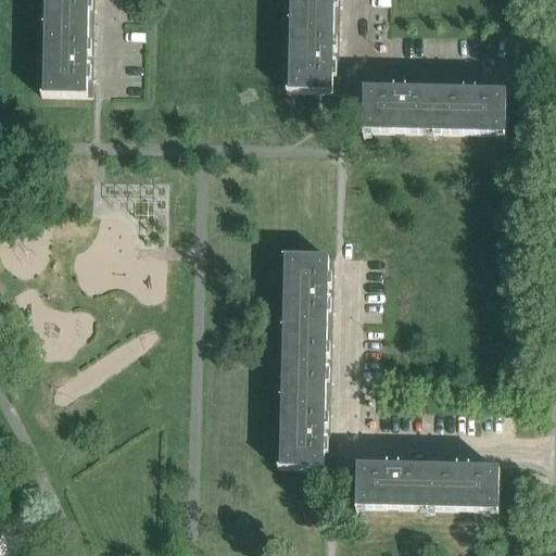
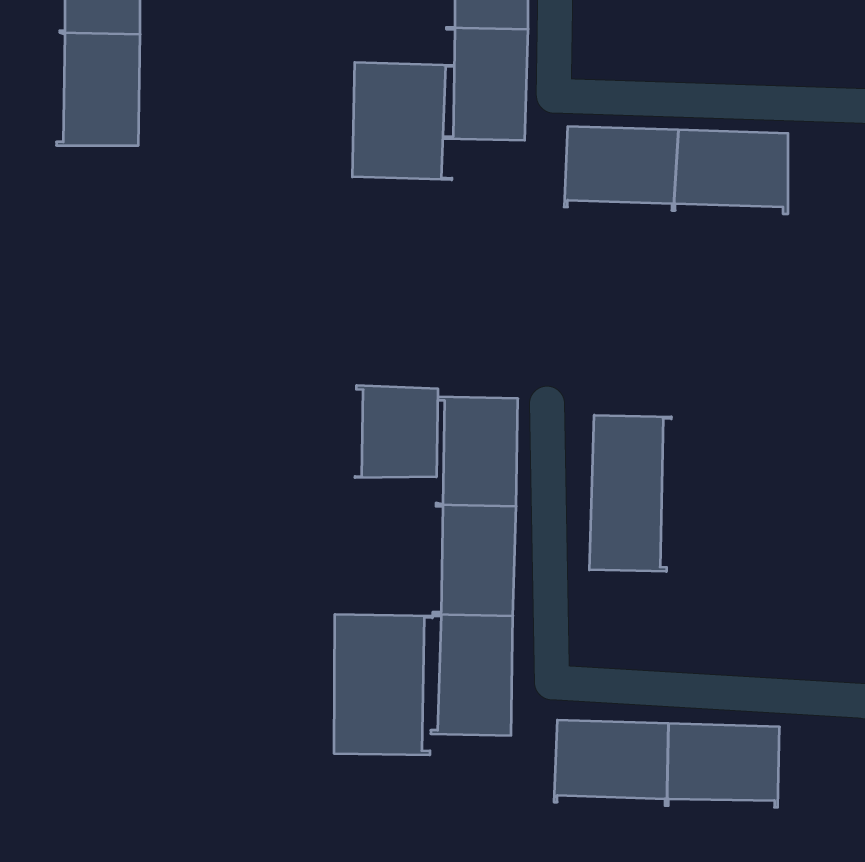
building: none -> [352,62,454,180]
building: none -> [355,385,438,478]
building: none -> [589,415,671,572]
building: none -> [334,614,432,755]

